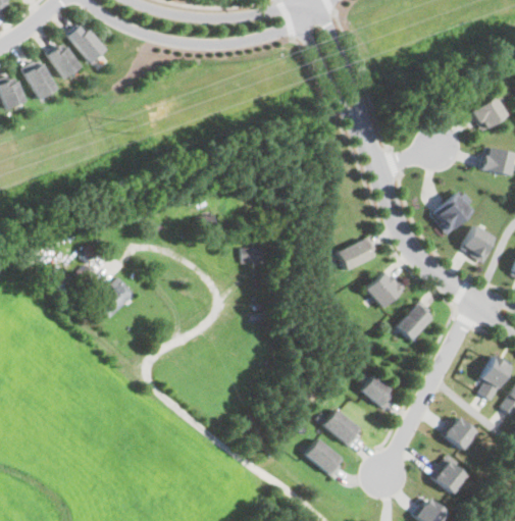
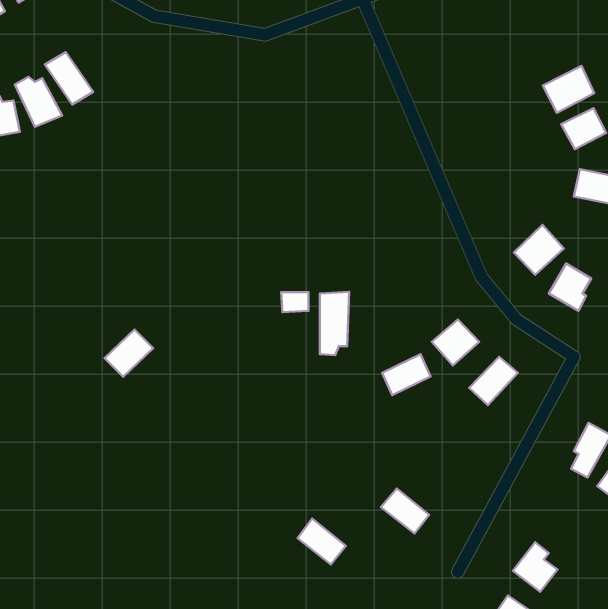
building: [70,34,113,76] -> none
building: none -> [543,66,594,113]
building: [338,236,377,269] -> [382,354,431,395]
building: none -> [320,292,349,355]
building: [361,374,396,407] -> none
building: [442,414,476,449] -> none
building: [305,437,345,475] -> [297,518,346,564]

